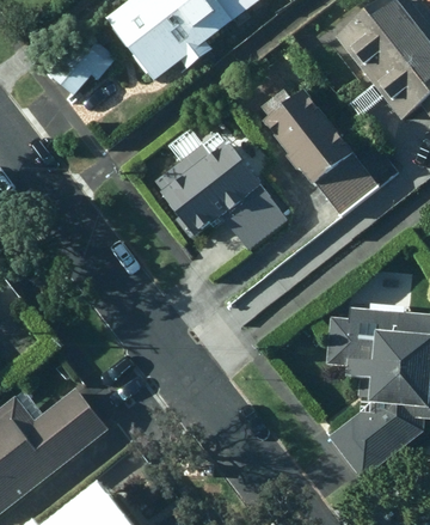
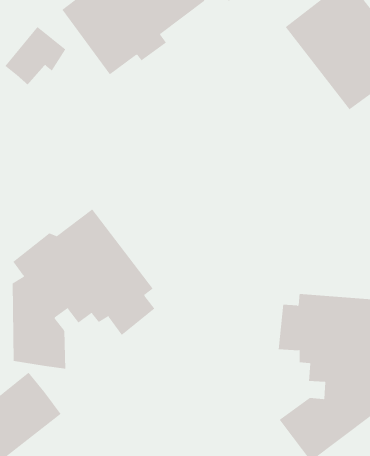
building: [265,90,377,214] -> none
building: [160,142,285,249] -> none
building: none -> [12,208,155,370]

